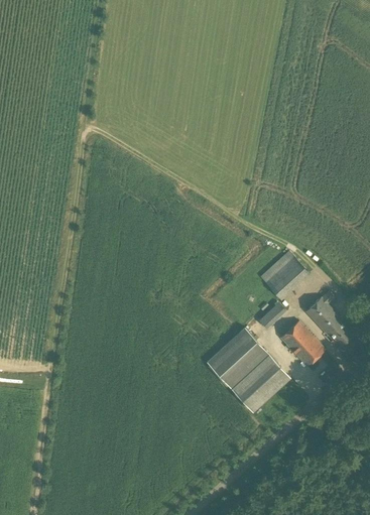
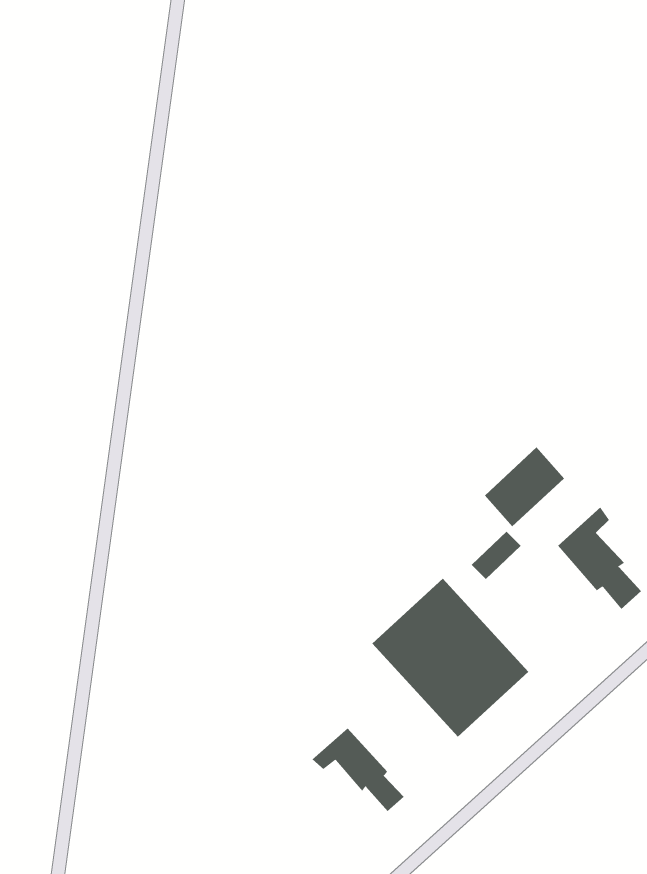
building: [279,320,325,366] -> none
building: none -> [312,728,405,812]

